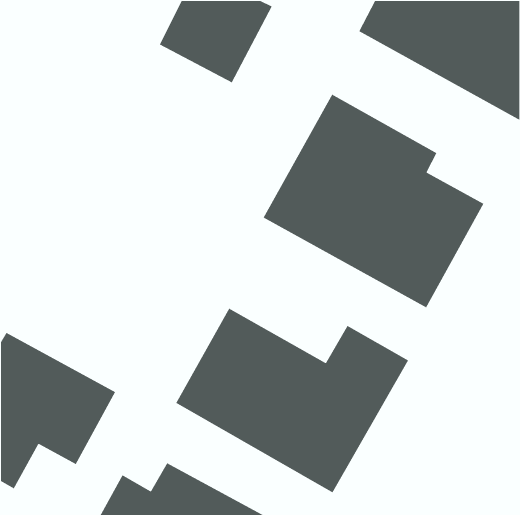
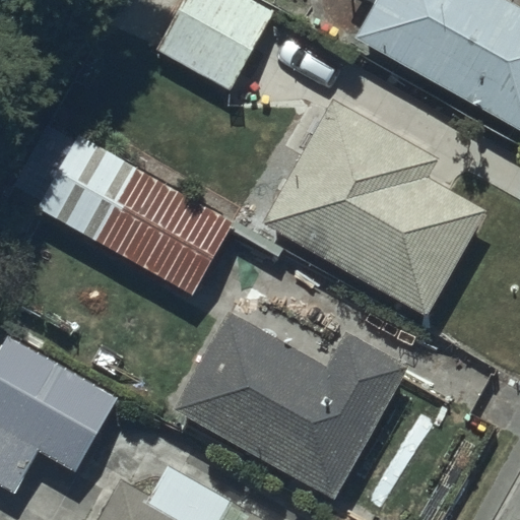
building: none -> [36,133,232,294]

